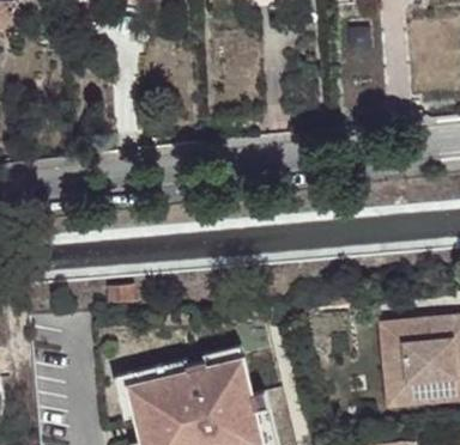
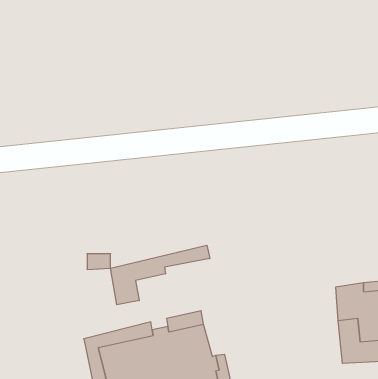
building: none -> [111,245,210,305]

